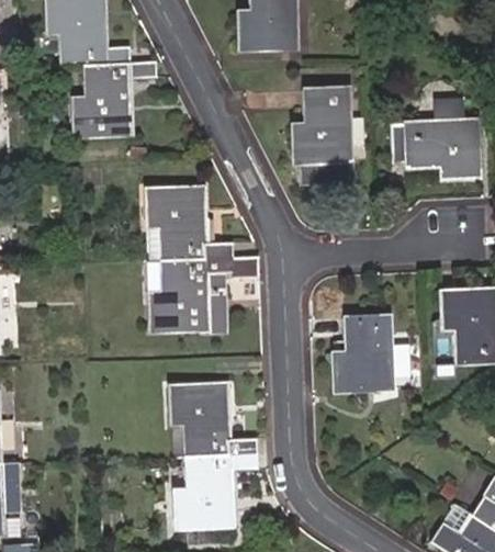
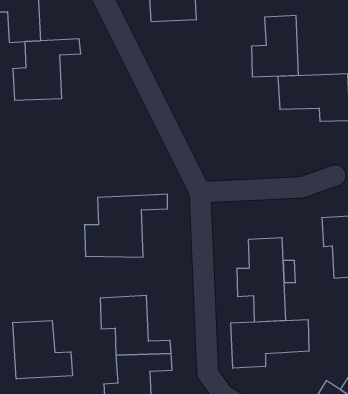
building: [292,80,351,157] -> [251,16,299,77]
building: [143,191,237,262] -> none
building: none -> [231,320,309,368]
building: none -> [13,321,72,379]

